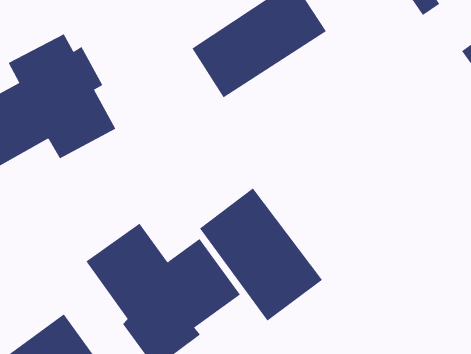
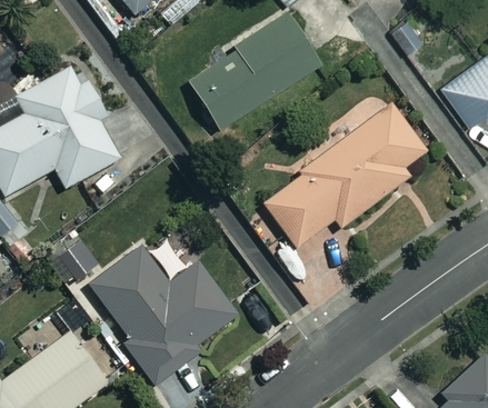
building: none -> [262,105,427,248]
building: [199,188,323,322] -> none

